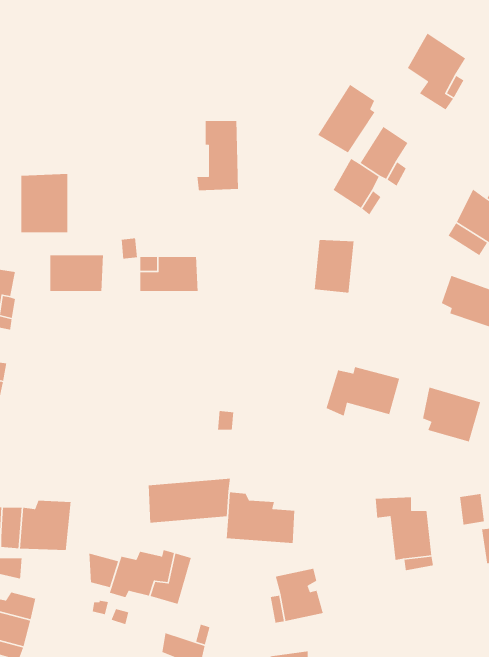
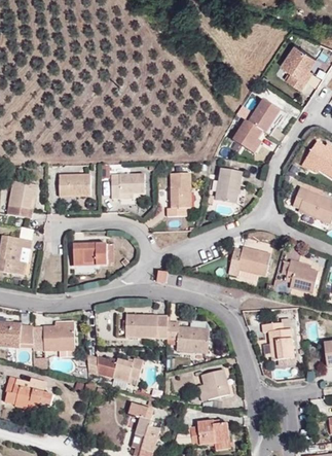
building: [317,84,376,154] -> none
building: [196,120,239,191] -> [170,173,195,216]
building: [21,173,68,233] -> none
building: none -> [74,244,110,269]

